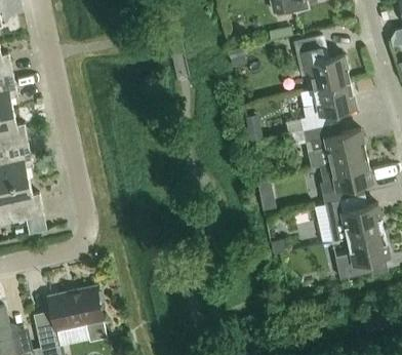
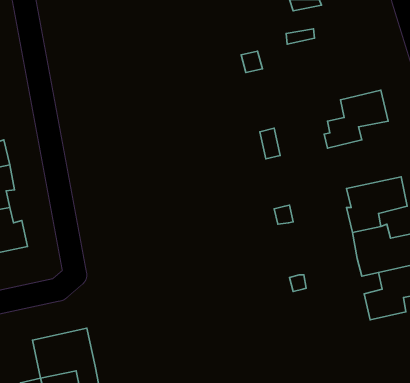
building: [294,37,350,89] -> none
building: [304,124,367,168] -> none

